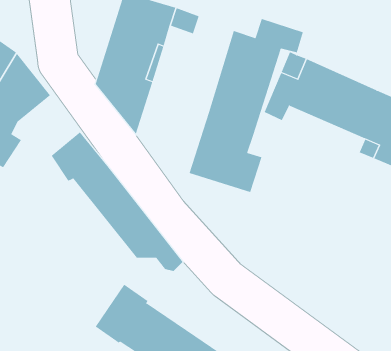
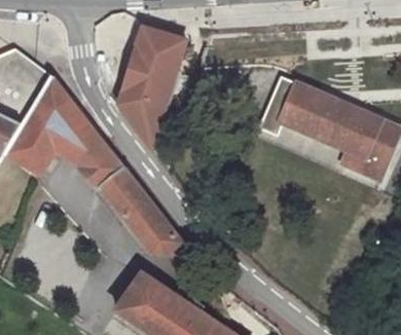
building: [189,18,303,193] -> none
building: none -> [46,112,104,163]

